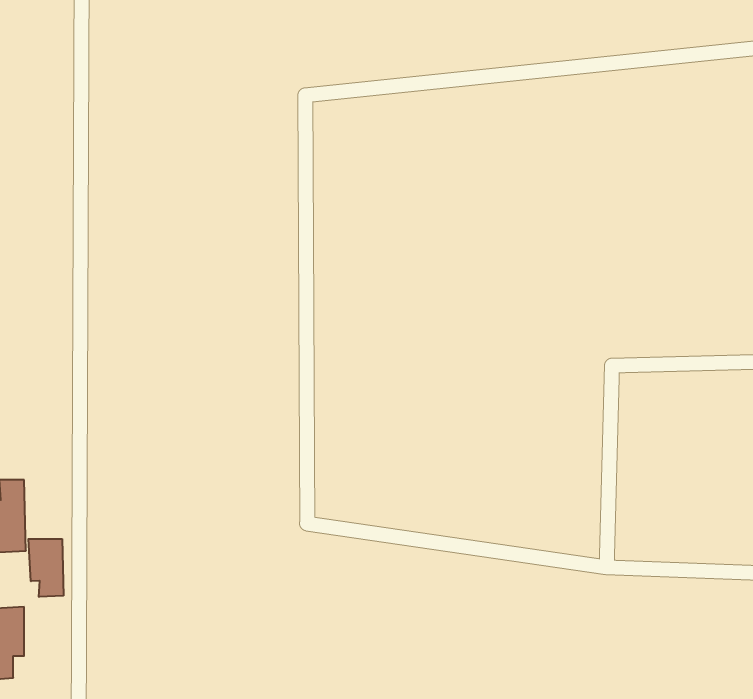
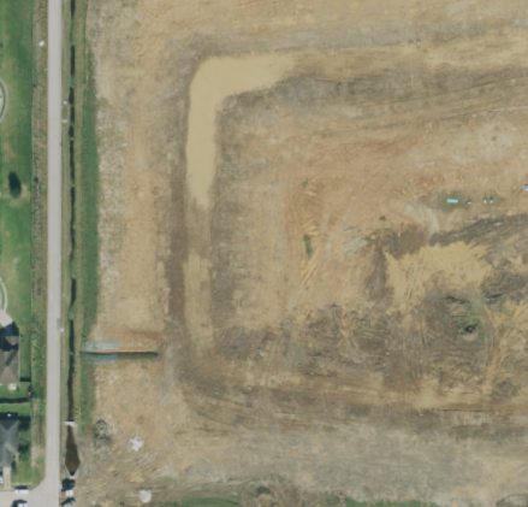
building: [28,539,63,597] -> none

